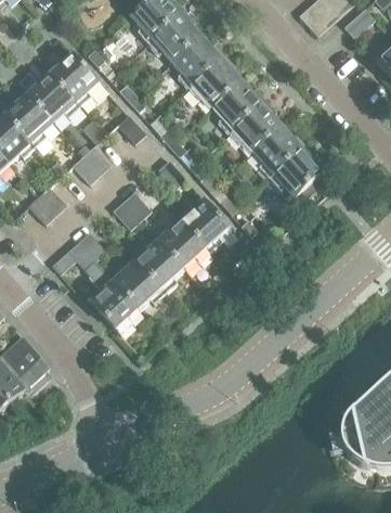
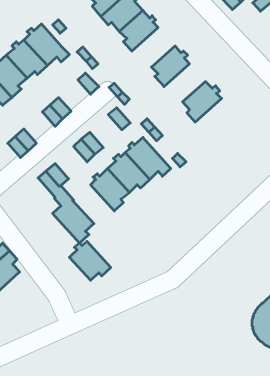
building: [188,57,244,108] -> none
building: [230,104,283,153] -> none
building: [270,149,323,197] -> none
building: [113,259,166,309] -> [69,241,111,280]

